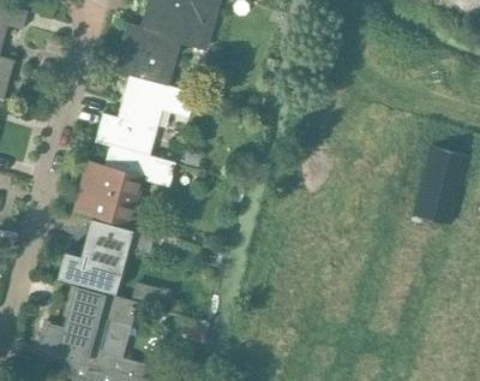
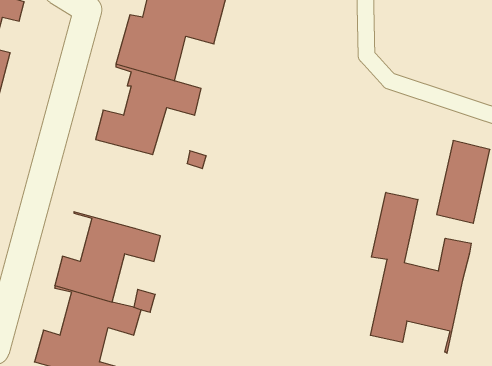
building: [74,141,175,225] -> none
building: none -> [370,192,471,353]

